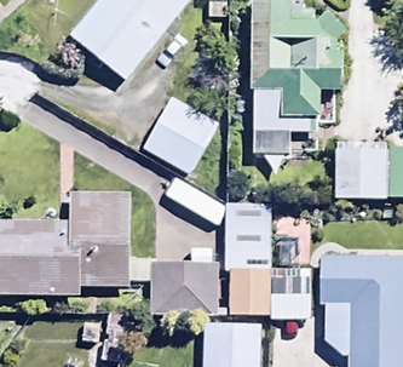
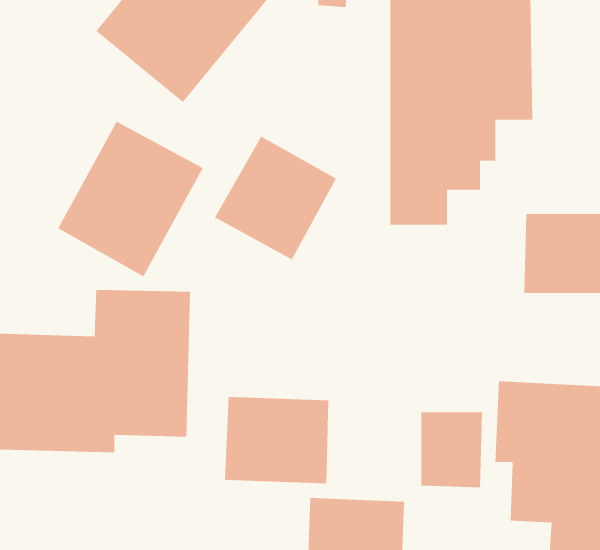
building: none -> [58,121,204,277]
building: [224,202,270,247] -> none
building: [228,270,271,316] -> none

